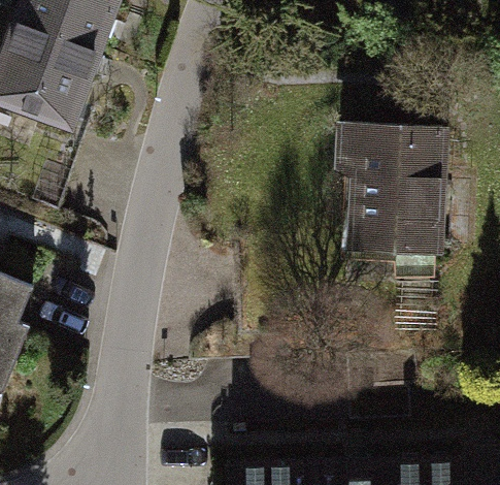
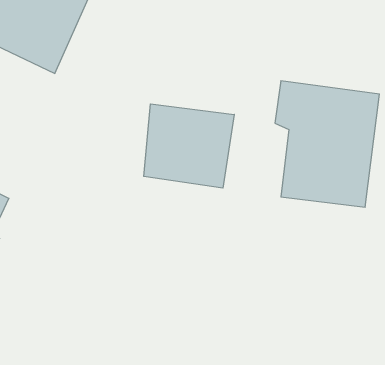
building: none -> [144,104,234,188]

